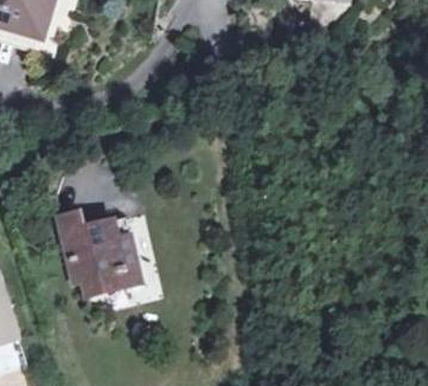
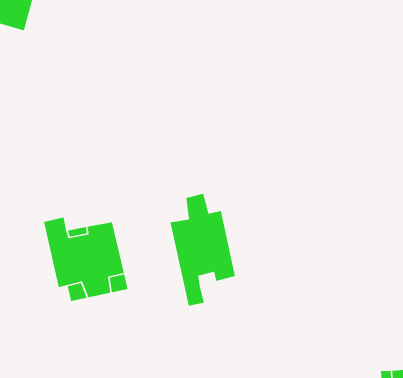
building: none -> [169,193,236,306]

